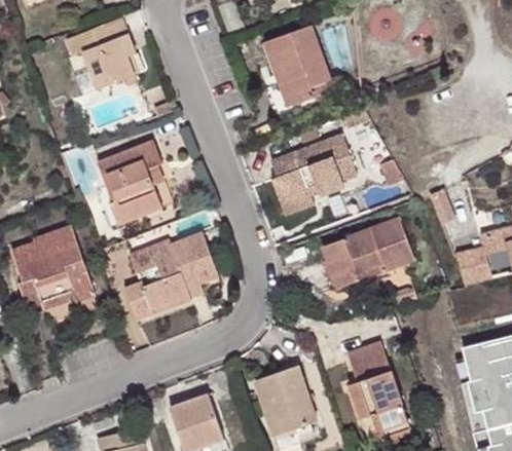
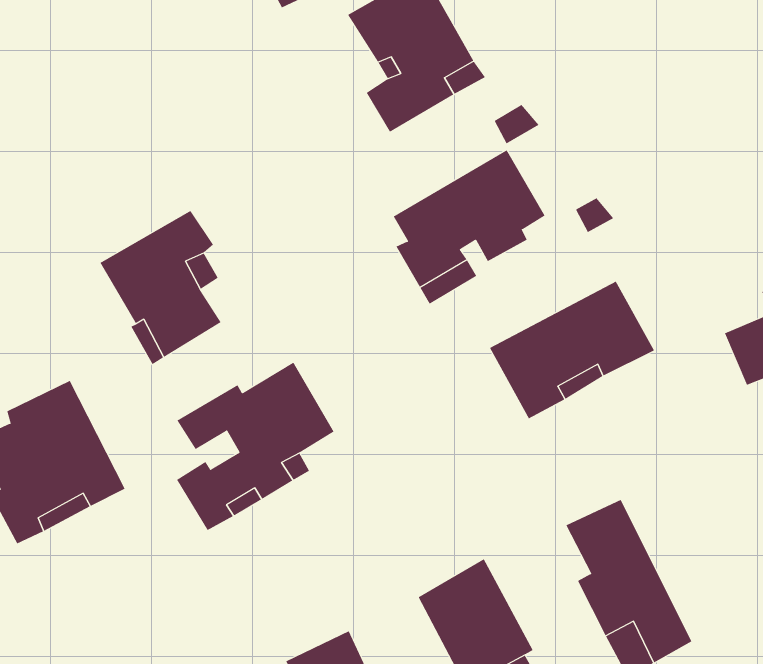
building: [70,20,139,91] -> none

